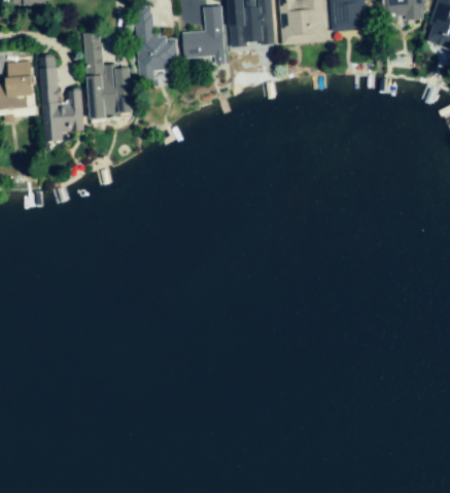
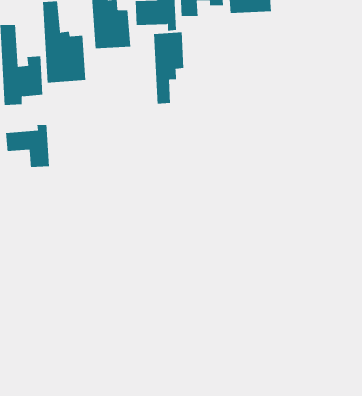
building: none -> [153,32,184,104]
building: none -> [6,124,49,168]

